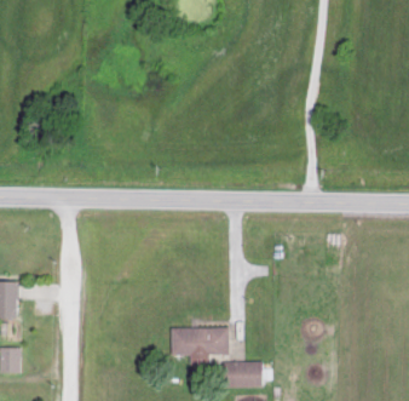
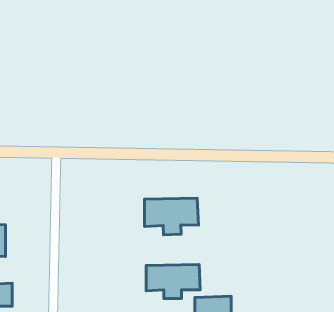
building: none -> [144,198,198,235]

